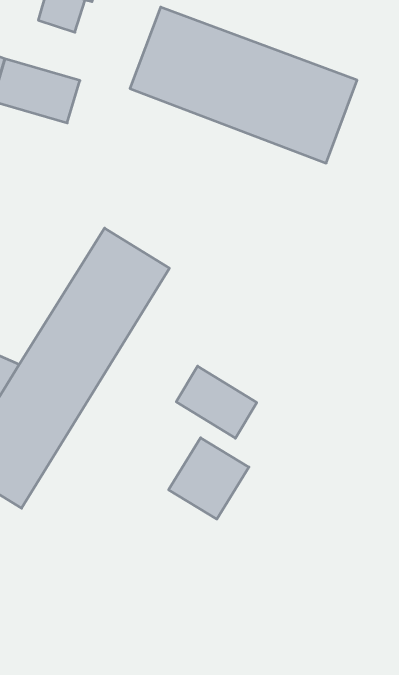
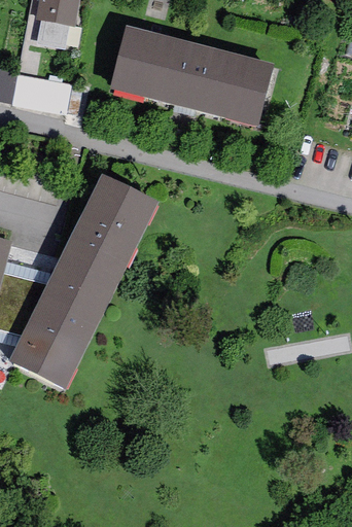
building: [176,366,257,438] -> none
building: [169,438,249,519] -> none

